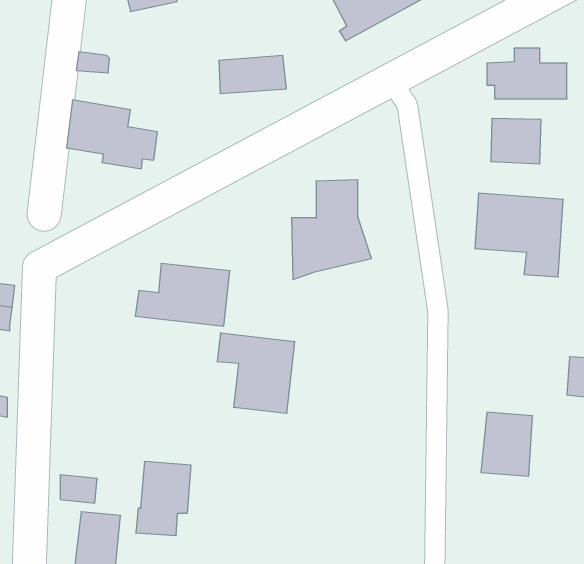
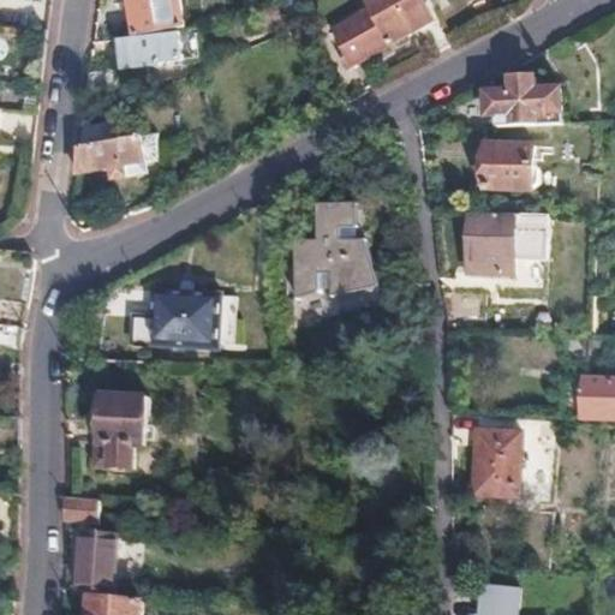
building: [219,55,286,94] -> [108,38,174,76]
building: [217,333,294,414] -> none
building: [136,462,191,535] -> [91,389,145,461]

